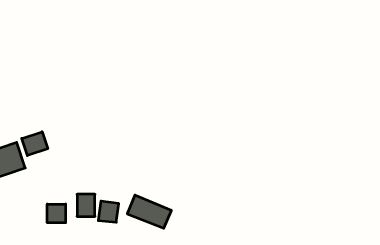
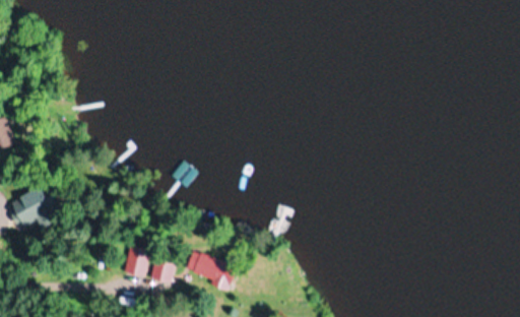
building: [22,132,48,156] -> none
building: [47,204,66,223] -> none

